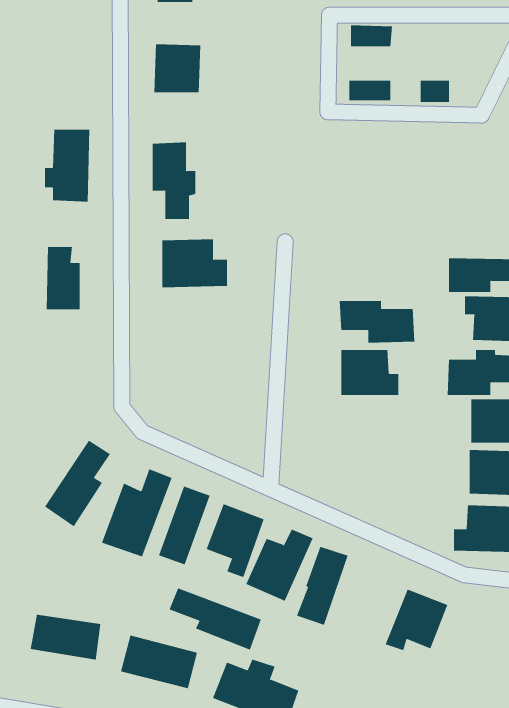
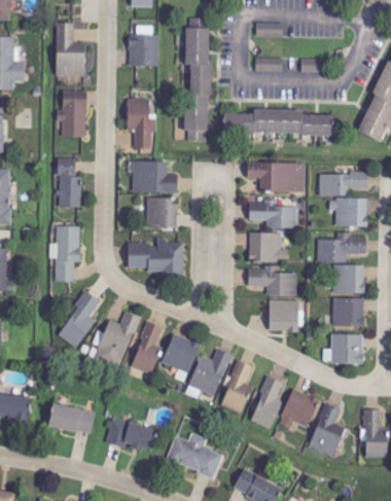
building: none -> [55,22,85,75]
building: none -> [184,28,209,140]
building: none -> [223,109,331,134]
building: none -> [247,163,305,192]
building: none -> [146,198,177,227]
building: none -> [56,225,80,282]
building: none -> [127,240,183,277]
building: none -> [248,267,296,296]
building: none -> [269,300,301,331]
building: none -> [249,377,282,429]
building: [169,587,261,650] -> none
building: none -> [308,402,345,457]

